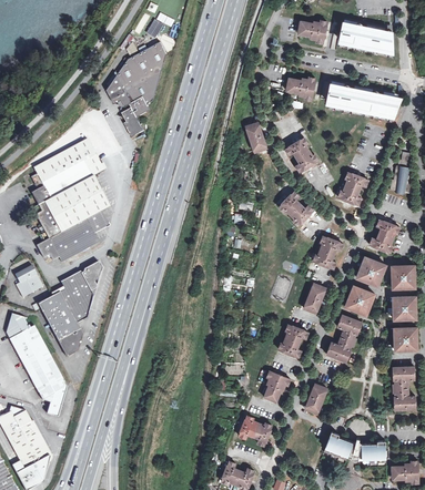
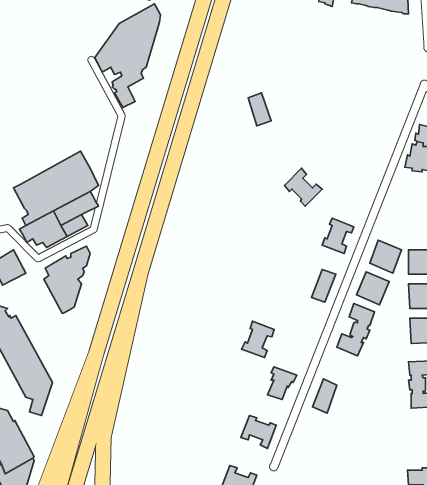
building: [285,78,315,100] -> none
building: [326,84,399,115] -> none
building: [285,137,317,172] -> none
building: [30,139,103,205] -> none
building: [337,172,367,205] -> none
building: [370,220,398,252] -> none
building: [37,292,82,357] -> none
building: [277,324,307,357] -> [241,321,274,358]
building: [324,431,385,460] -> none

